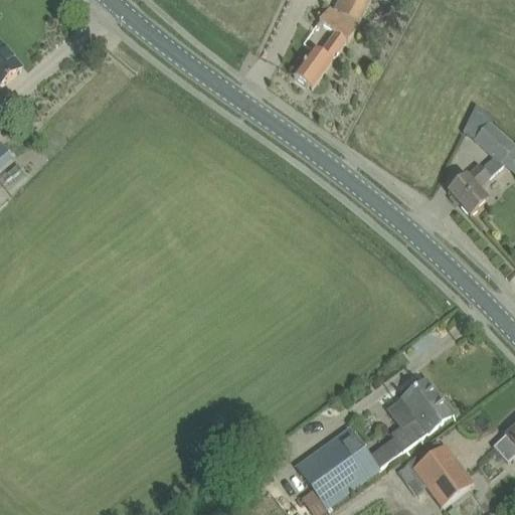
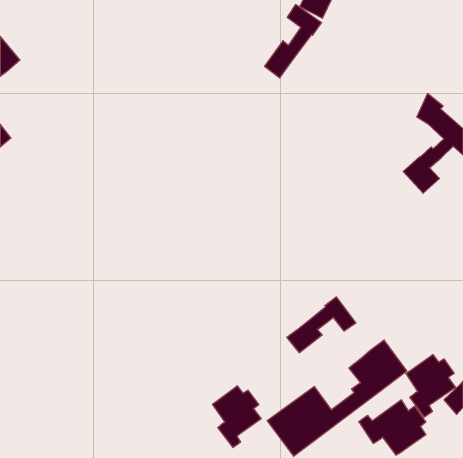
building: none -> [287,297,356,353]
building: none -> [406,355,456,417]
building: none -> [213,386,261,448]

